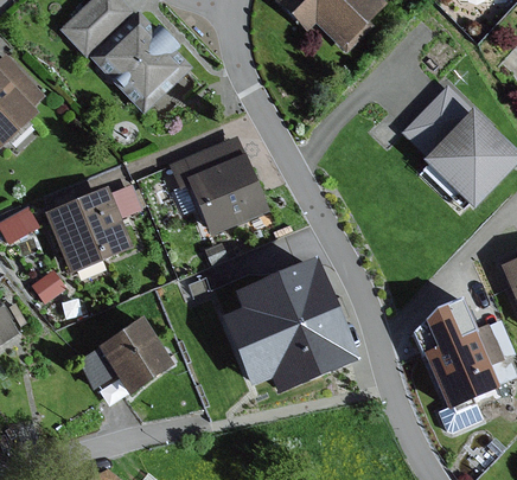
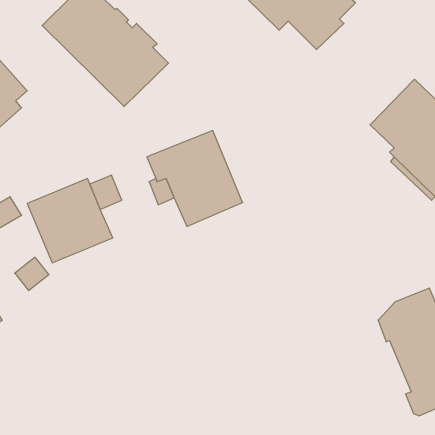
building: [222,257,359,395] -> none
building: [77,316,174,395] -> none

